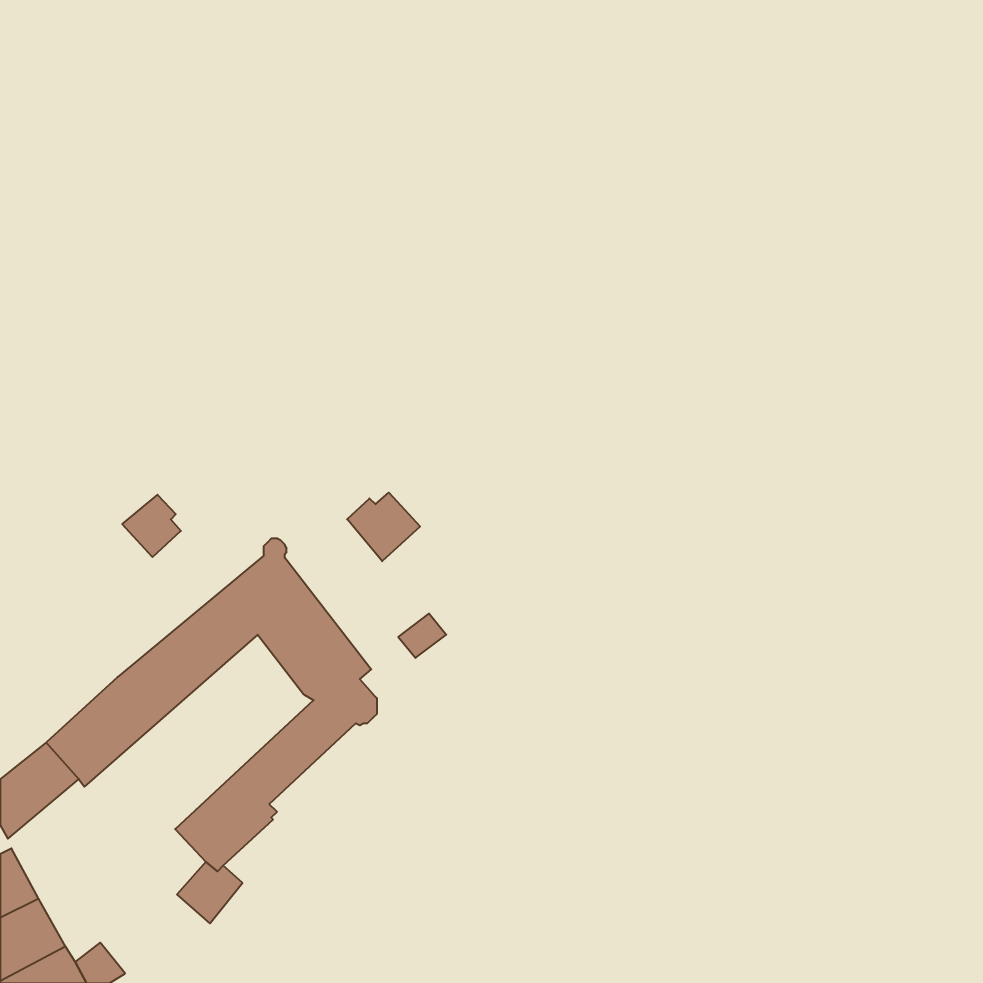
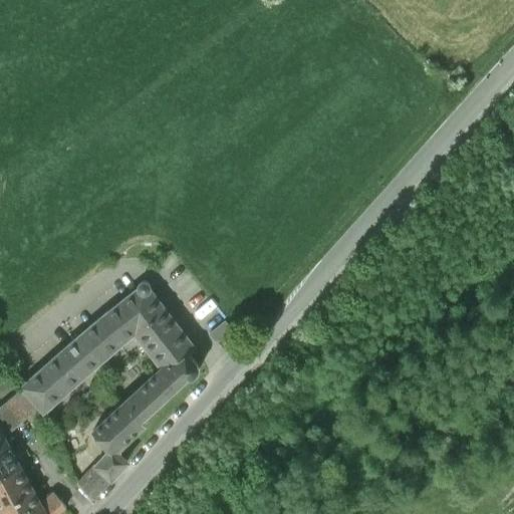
building: [347,493,420,561] -> none
building: [122,495,181,557] -> none
building: none -> [78,467,109,500]

